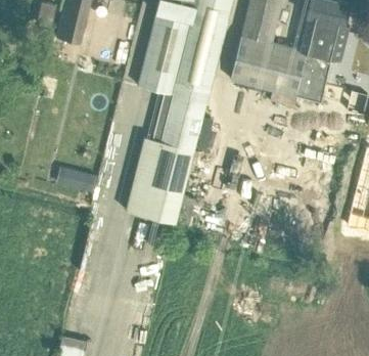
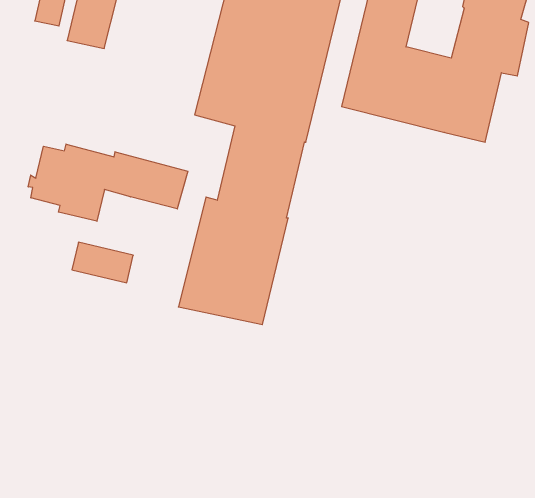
building: none -> [28,144,188,221]

